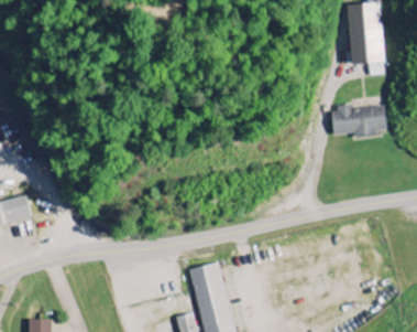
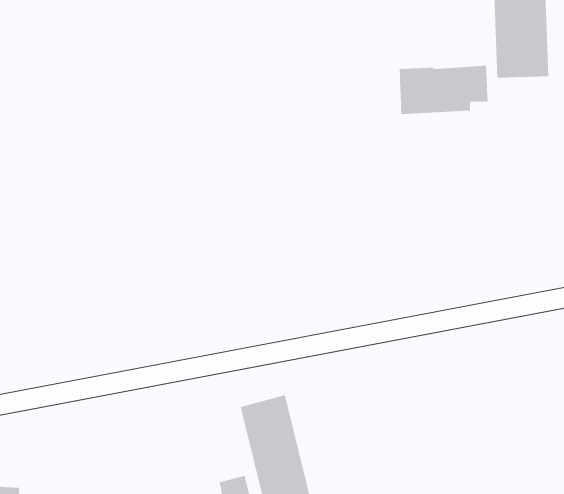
building: [331,106,387,137] -> [399,65,489,114]

